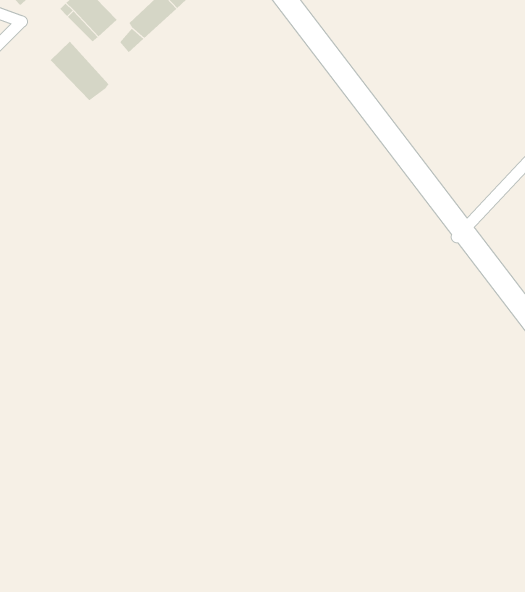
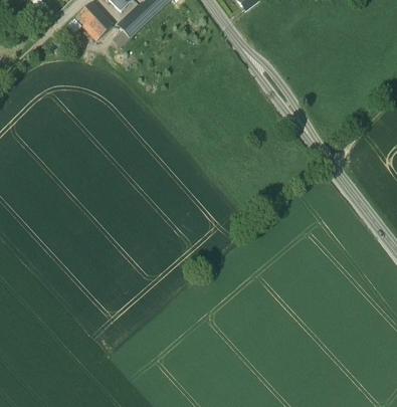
building: [50,41,109,101] -> none

